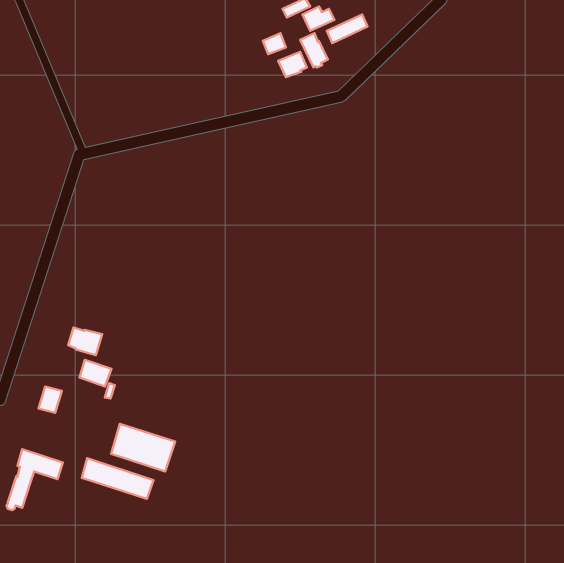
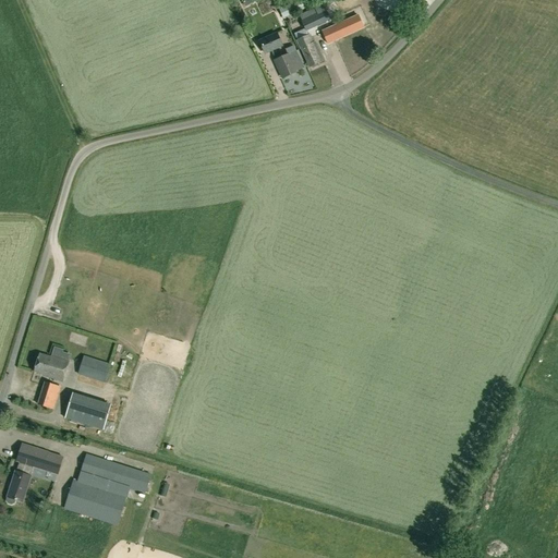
building: [68,327,102,355] -> [35,353,69,380]
building: none -> [64,395,98,426]
building: [111,424,175,471] -> [64,478,128,525]

